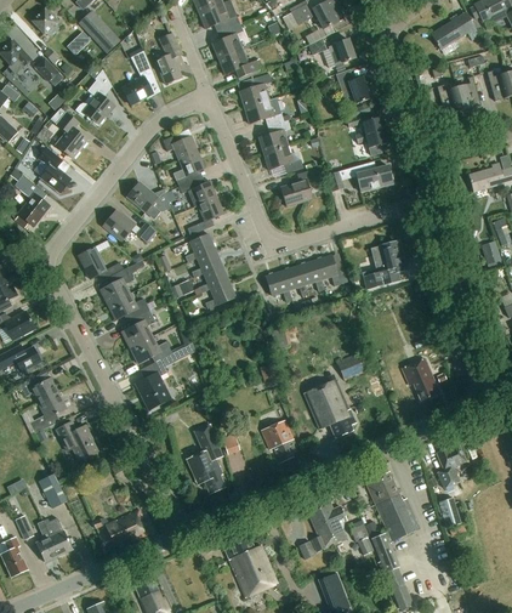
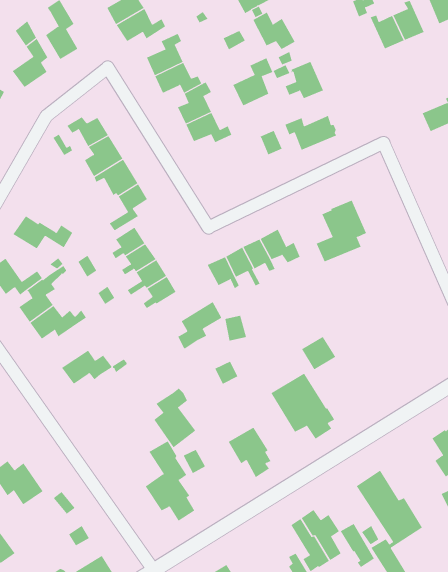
building: [280,169,317,208] -> [233,57,273,106]
building: [127,181,172,211] -> none
building: none -> [177,301,222,349]
building: [121,311,155,347] -> none
building: [136,358,171,409] -> [154,388,196,448]
building: [402,358,439,399] -> none

